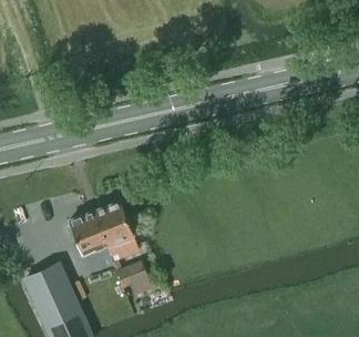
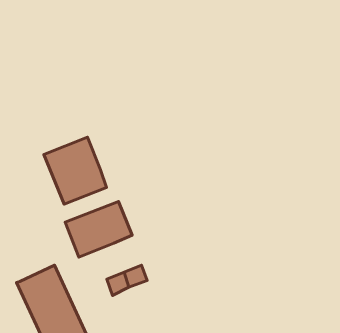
building: none -> [44,137,107,204]

